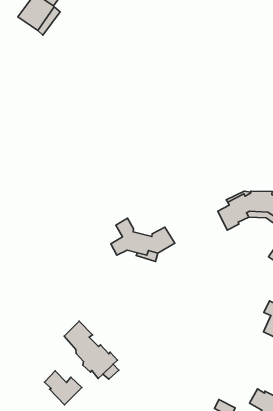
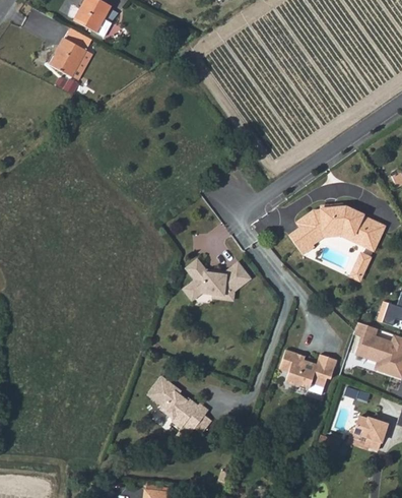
building: none -> [280,348,338,386]
building: [45,371,82,405] -> none

